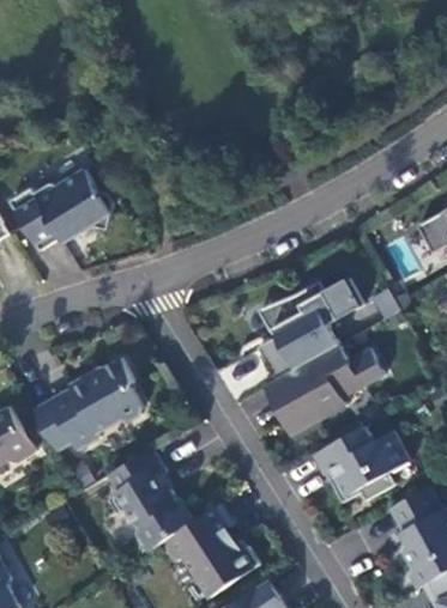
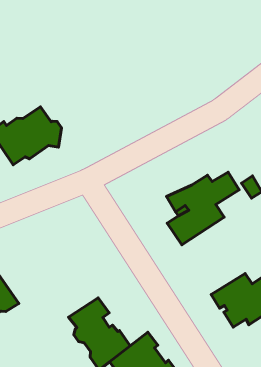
building: [262,343,382,436] -> none
building: [31,357,141,450] -> none

